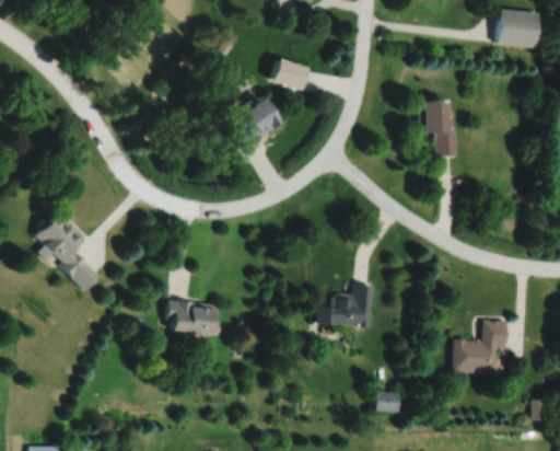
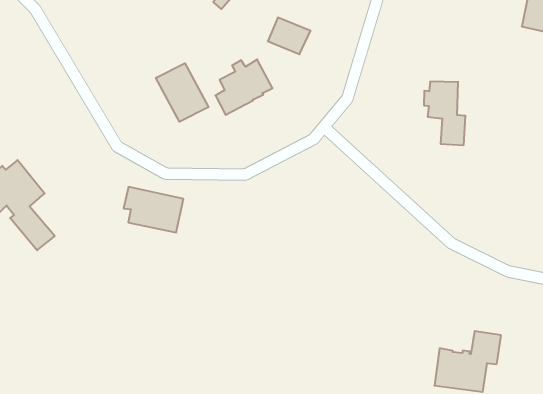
building: none -> [156,63,208,122]
building: [316,285,374,329] -> none
building: [166,301,219,337] -> [124,187,183,232]

